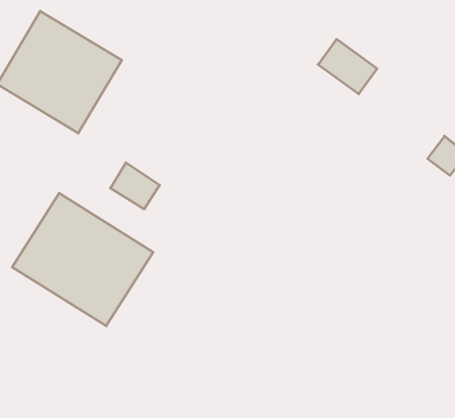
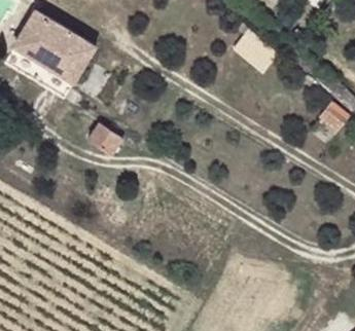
building: [12,193,153,326] -> none

